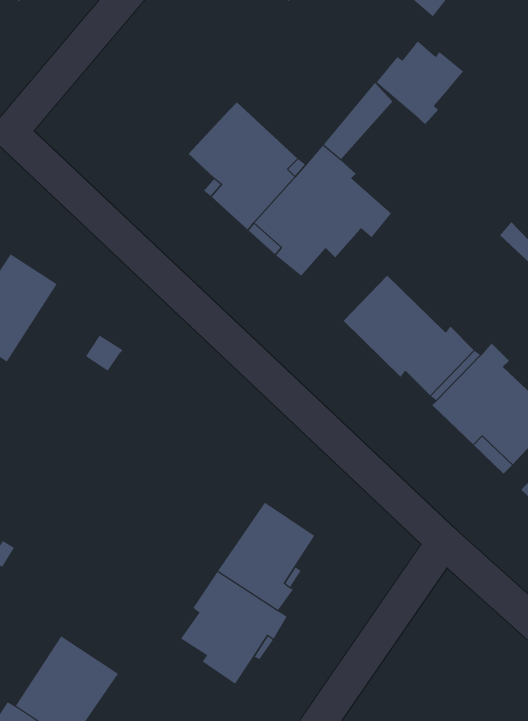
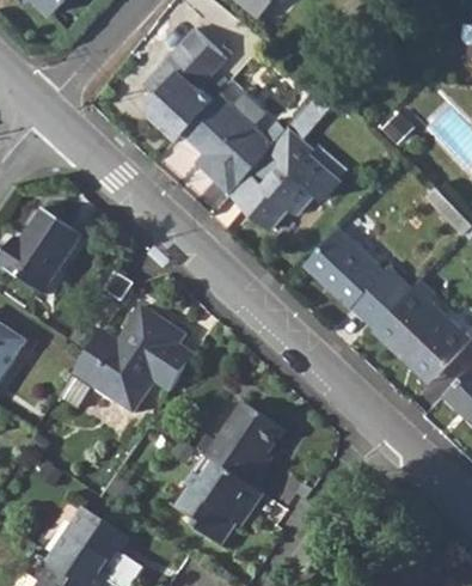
building: none -> [143,29,226,139]
building: [376,40,464,125] -> none
building: none -> [56,305,194,419]

